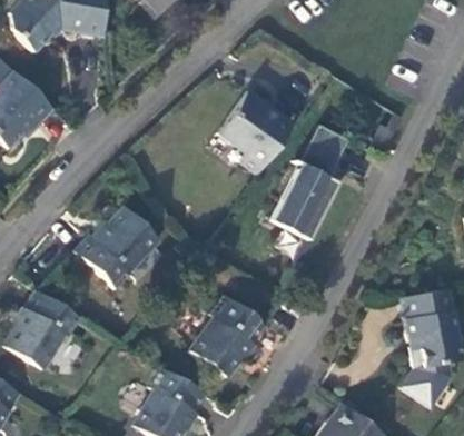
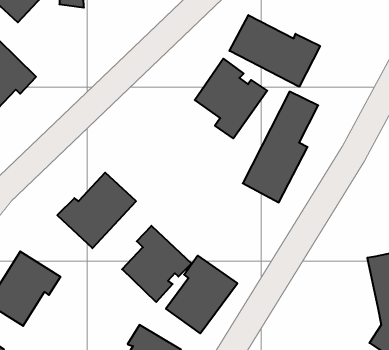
building: none -> [229,15,320,87]
building: none -> [122,226,192,302]

